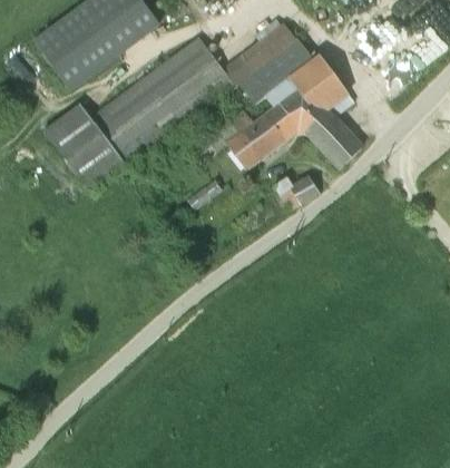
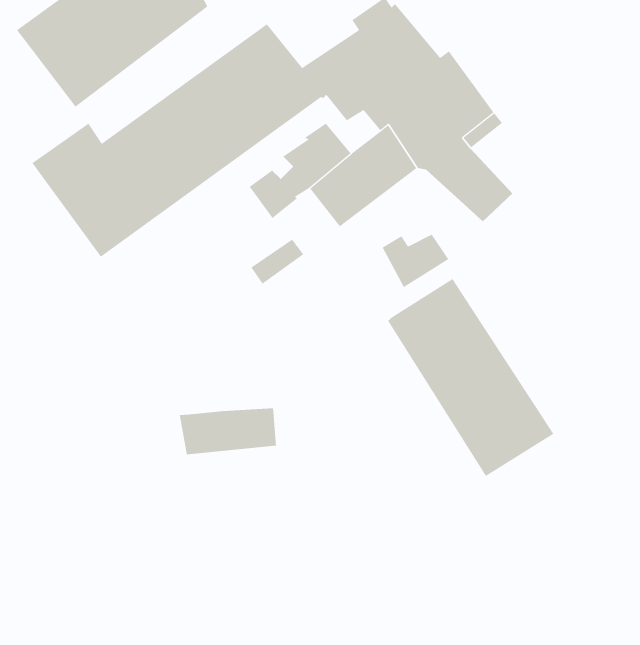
building: none -> [388,278,554,477]
building: none -> [179,408,277,455]

